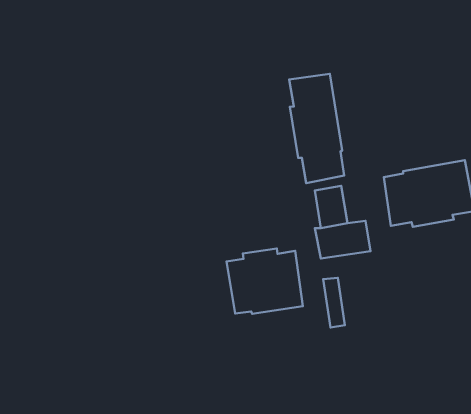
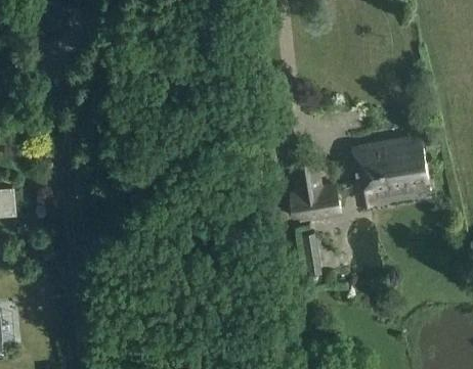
building: [289,74,344,183] -> none
building: [226,249,303,314] -> none

